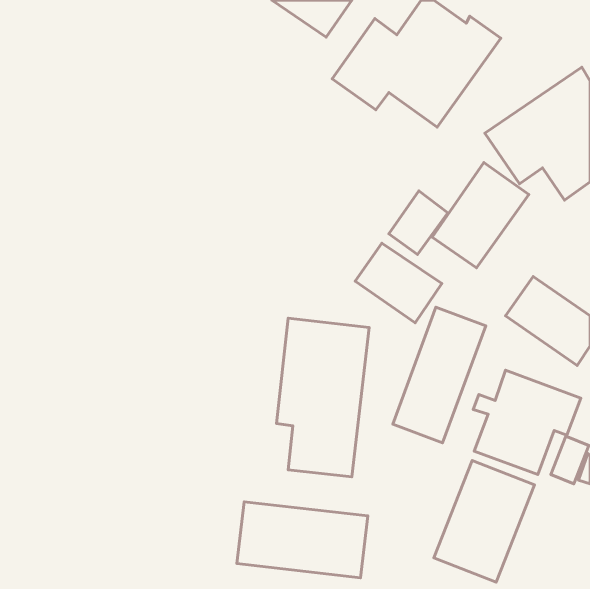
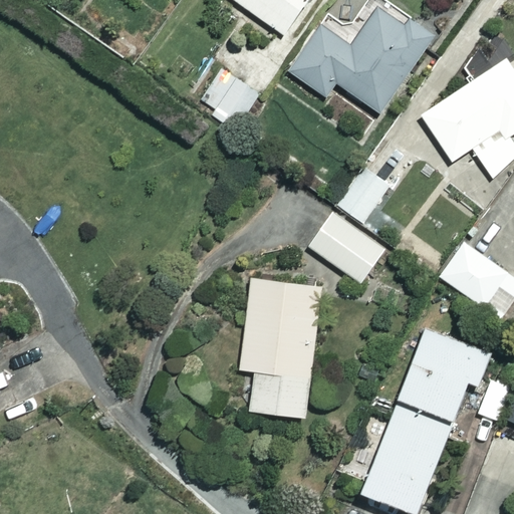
building: none -> [202,69,253,128]
building: [432,162,529,268] -> none
building: [393,307,486,443] -> none
building: [237,502,368,578] -> none

